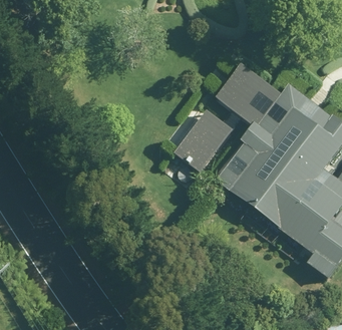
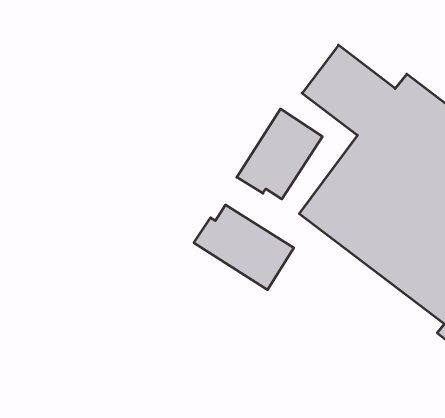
building: none -> [194,205,294,290]

